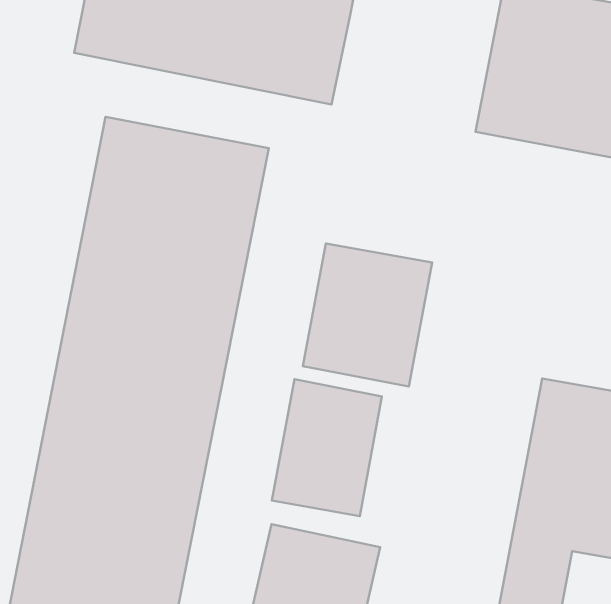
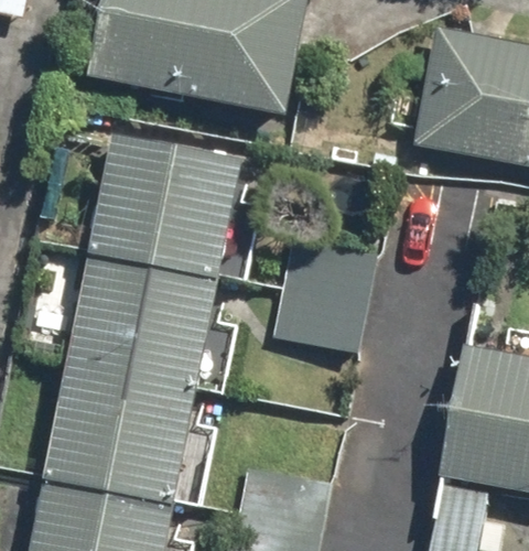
building: [272,379,382,516] -> none

